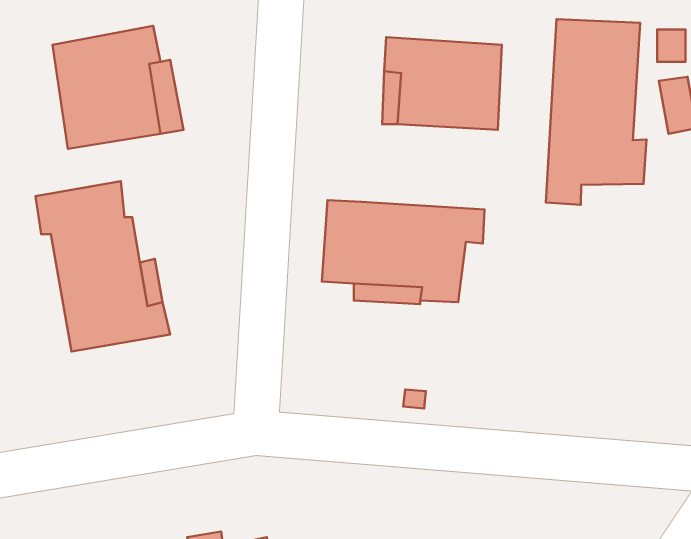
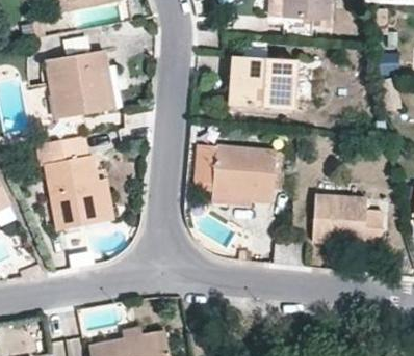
building: [546,19,647,205] -> none
building: none -> [312,193,383,245]

